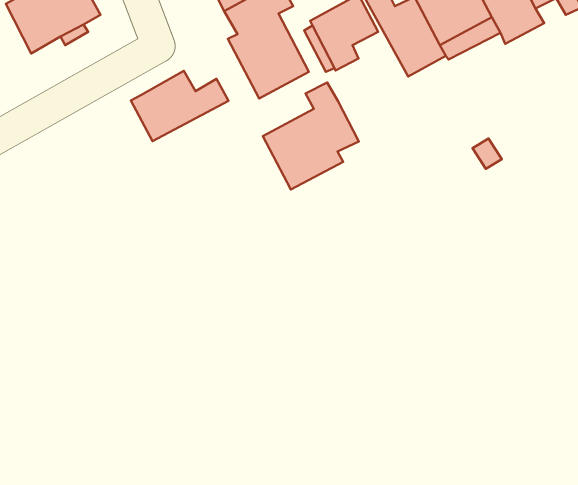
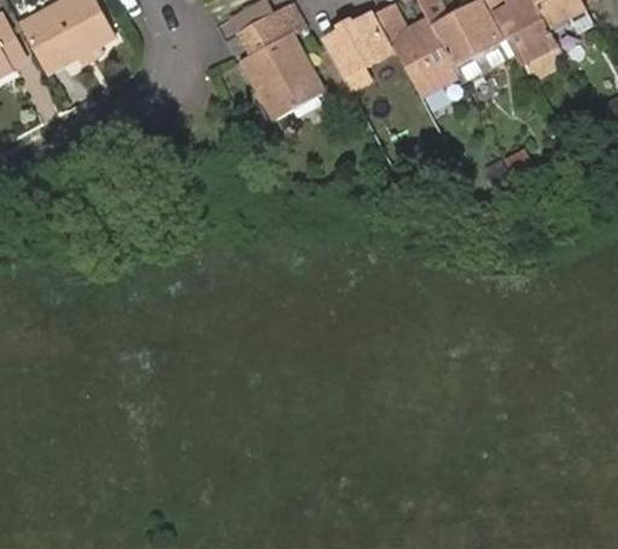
building: [131,71,229,141] -> none
building: [263,83,359,190] -> none

